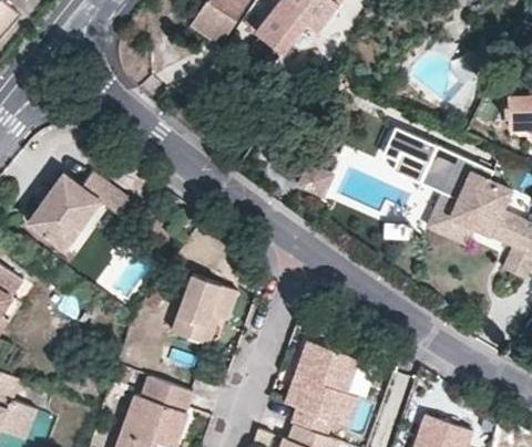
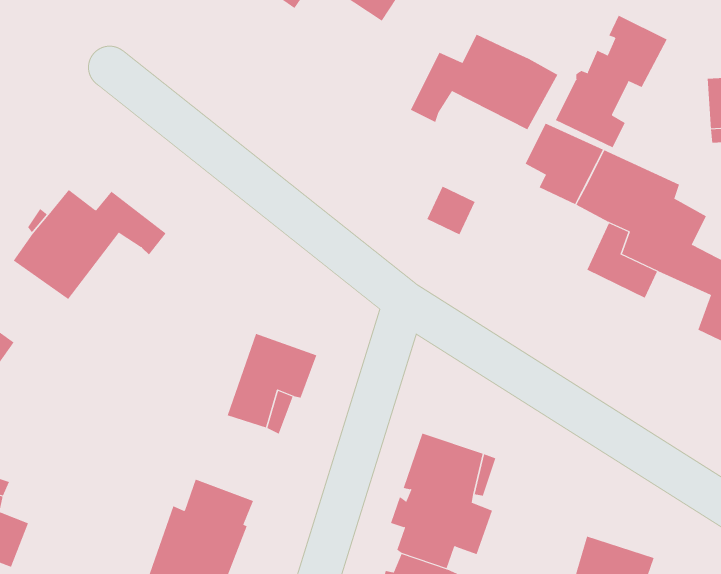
building: none -> [555,15,668,148]
building: none -> [410,34,558,130]

